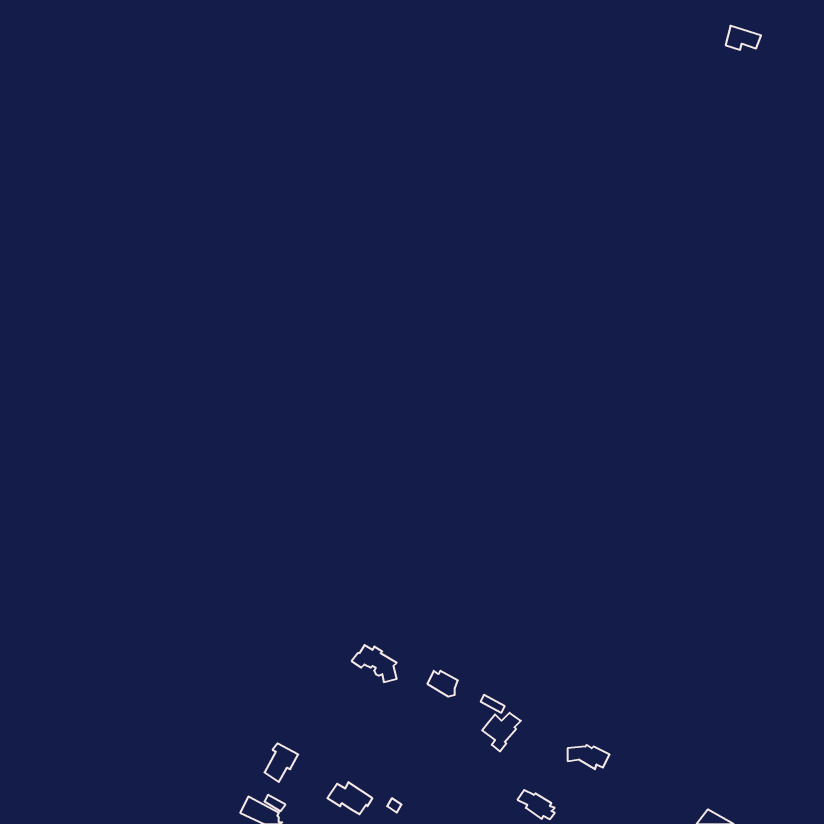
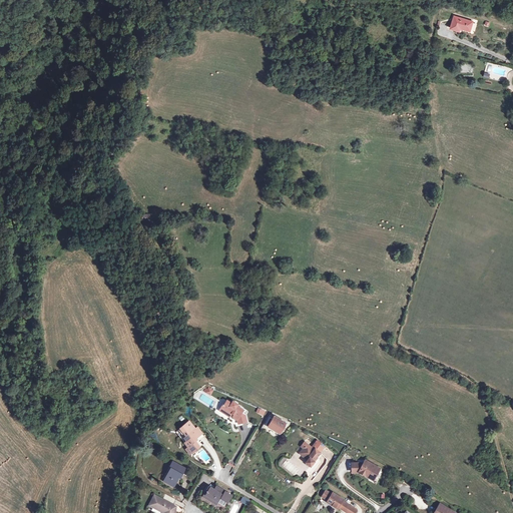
building: none -> [178,421,202,451]

